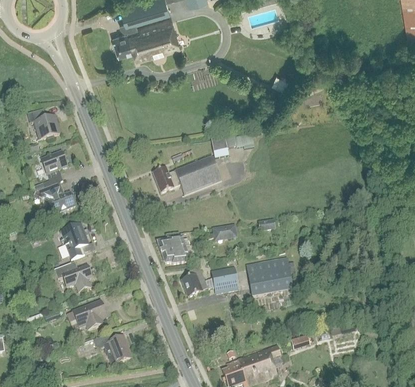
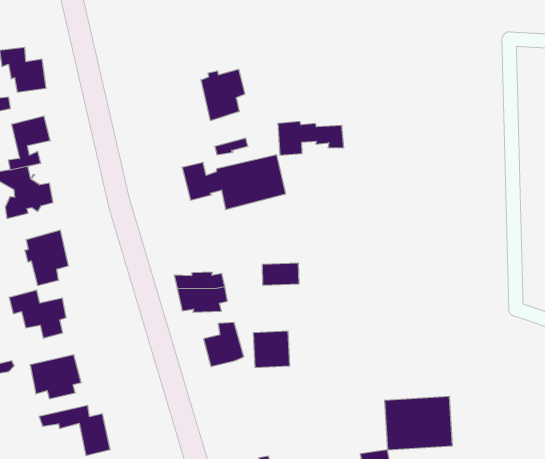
building: none -> [201,69,245,121]
building: [246,256,293,295] -> [384,396,452,450]

